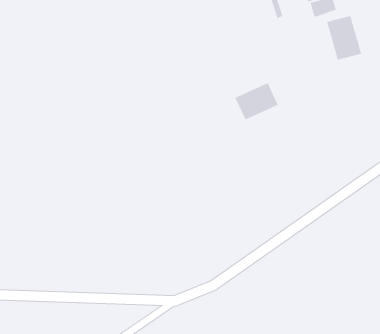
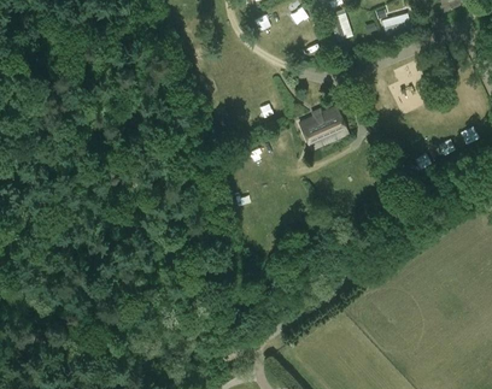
building: [326,15,362,61] -> none

